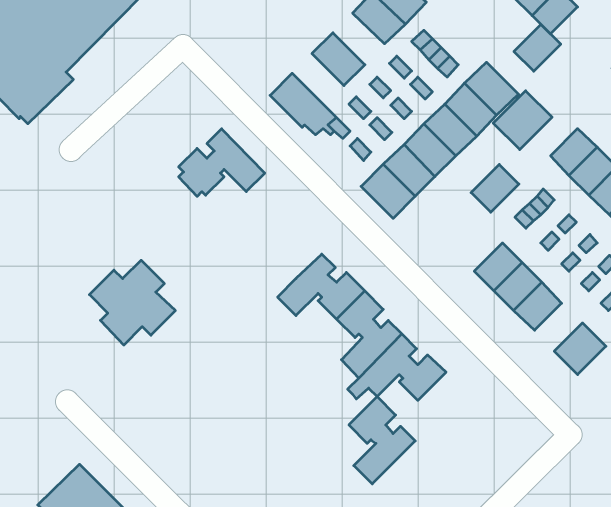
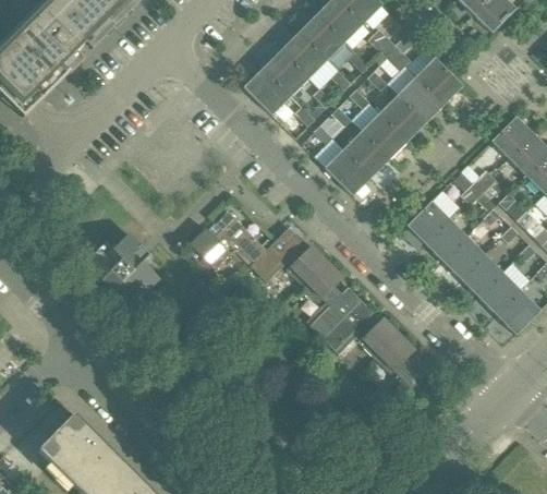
building: none -> [300,13,345,59]
building: [514,24,561,71] -> none
building: none -> [264,49,309,95]
building: [493,91,552,150] -> none
building: [179,129,265,196] -> [191,209,267,269]
building: [471,164,519,212] -> [408,200,450,242]
building: none -> [478,270,521,313]
building: [349,397,415,484] -> [375,332,434,409]

